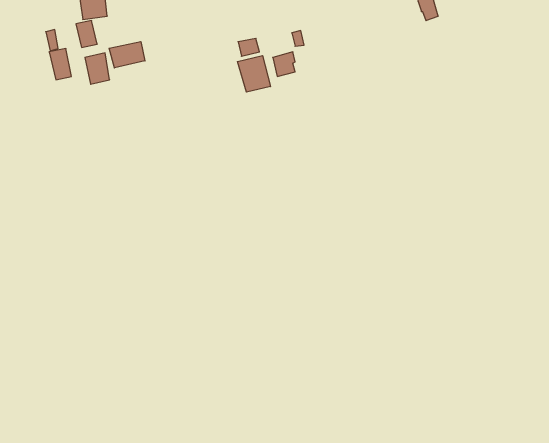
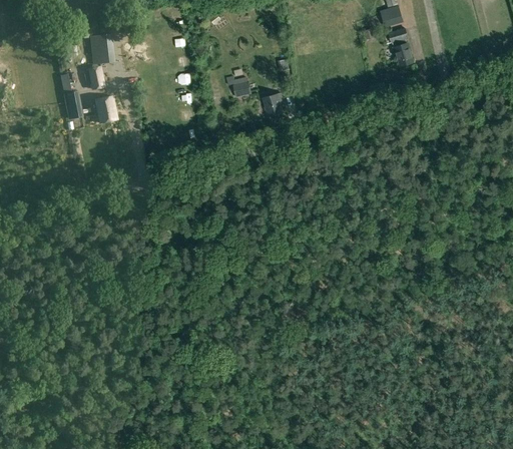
building: [109,42,145,68] -> none
building: [237,56,270,92] -> none

